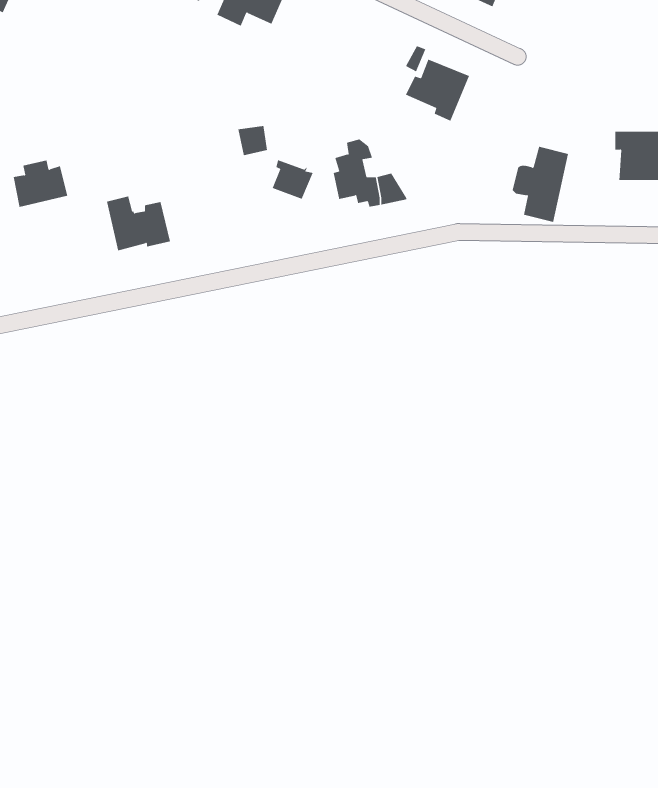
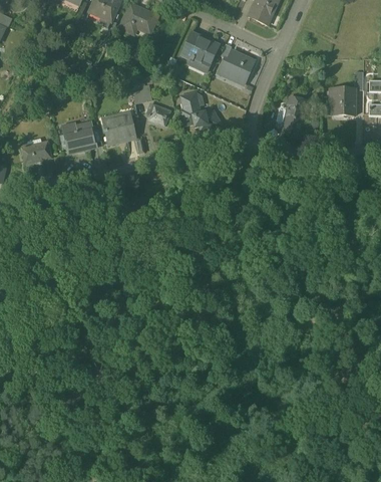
building: none -> [182,34,219,72]
building: [13,160,68,207] -> [22,138,51,163]
building: none -> [102,114,134,145]

